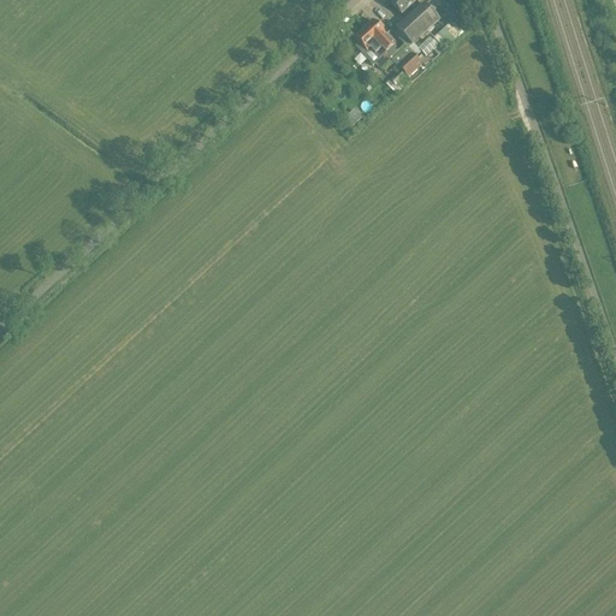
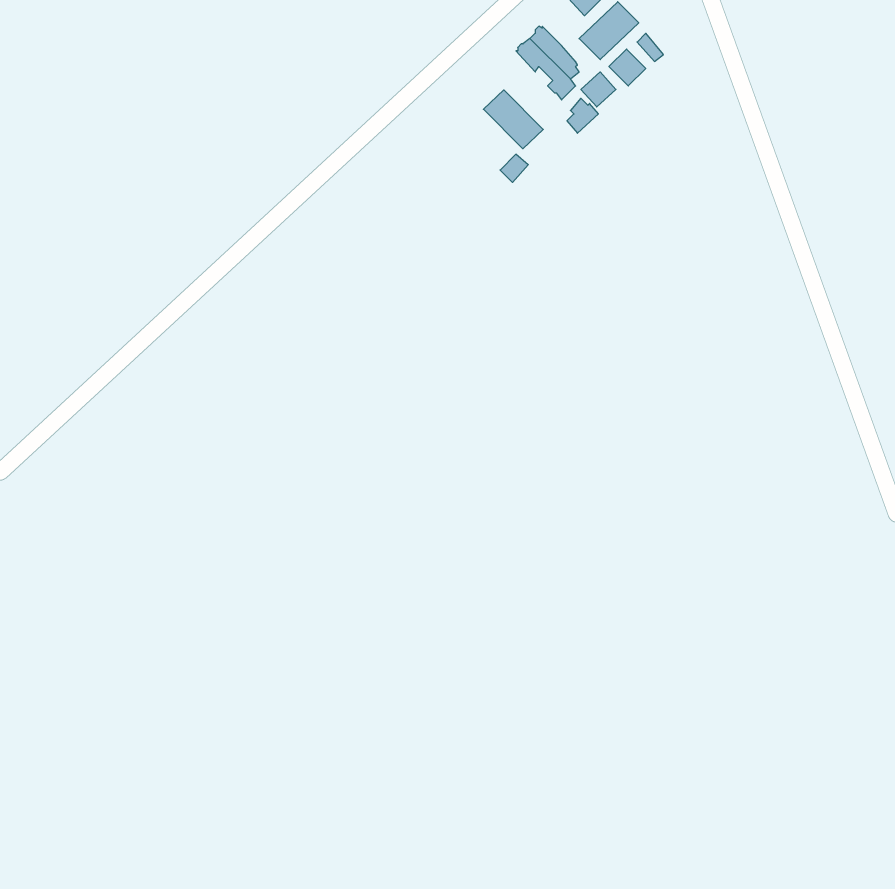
building: none -> [483,90,543,149]

